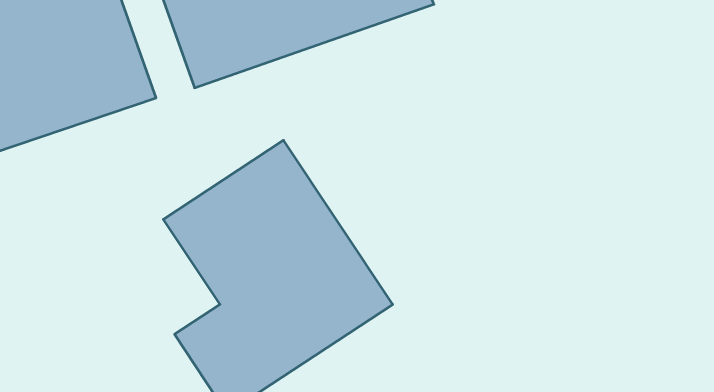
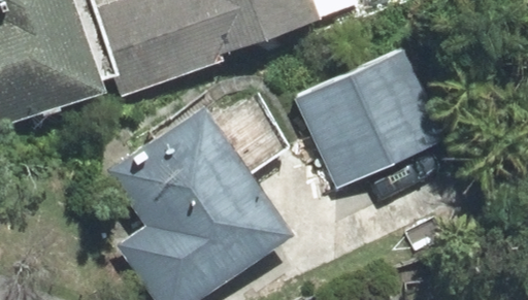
building: none -> [298,63,440,188]

